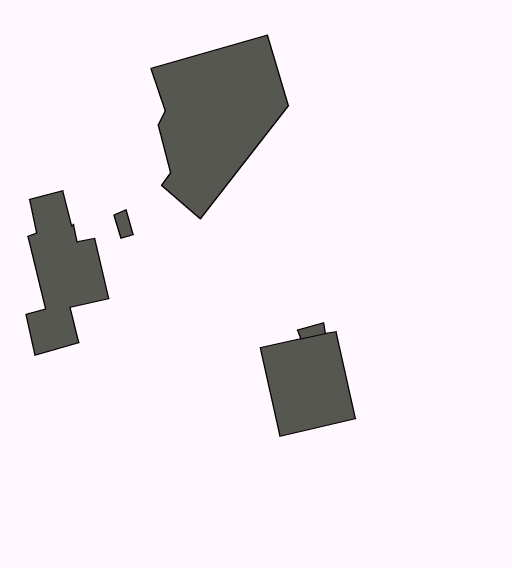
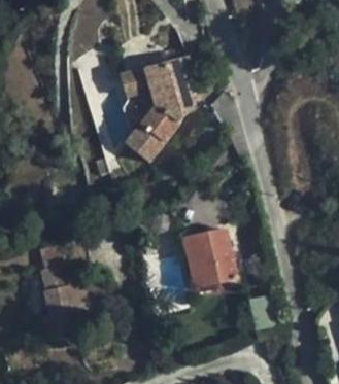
building: [26,191,109,355] -> [39,245,88,341]

